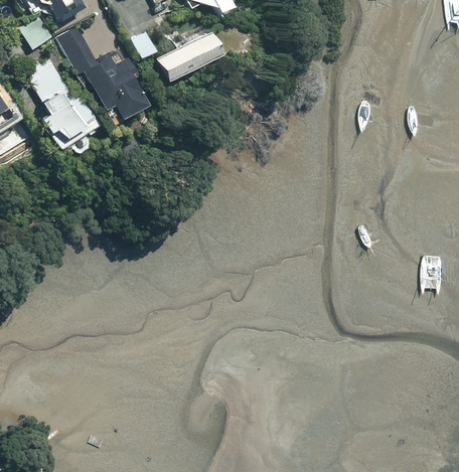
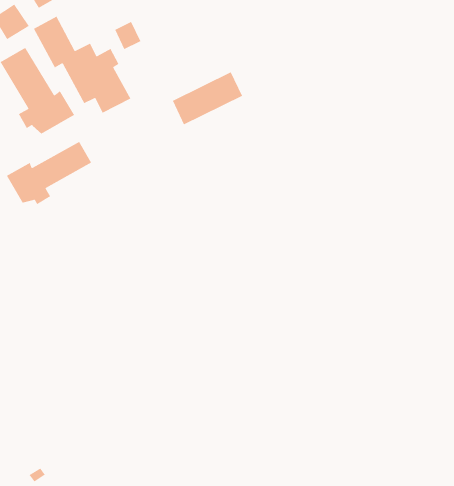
building: [156,32,222,83] -> [172,71,243,125]
building: none -> [6,141,92,205]

